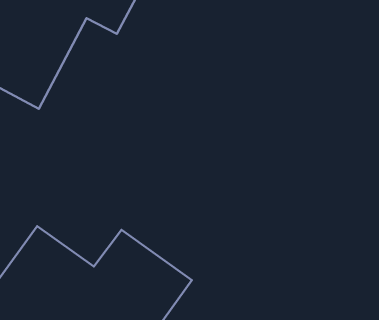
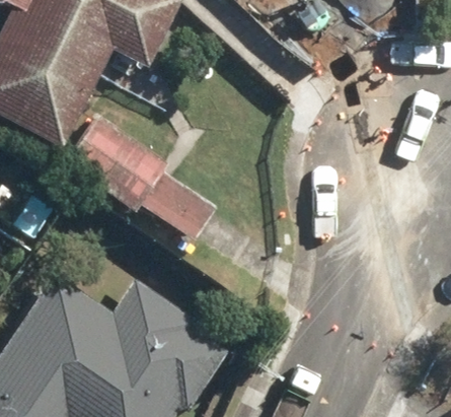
building: none -> [65,116,217,240]

